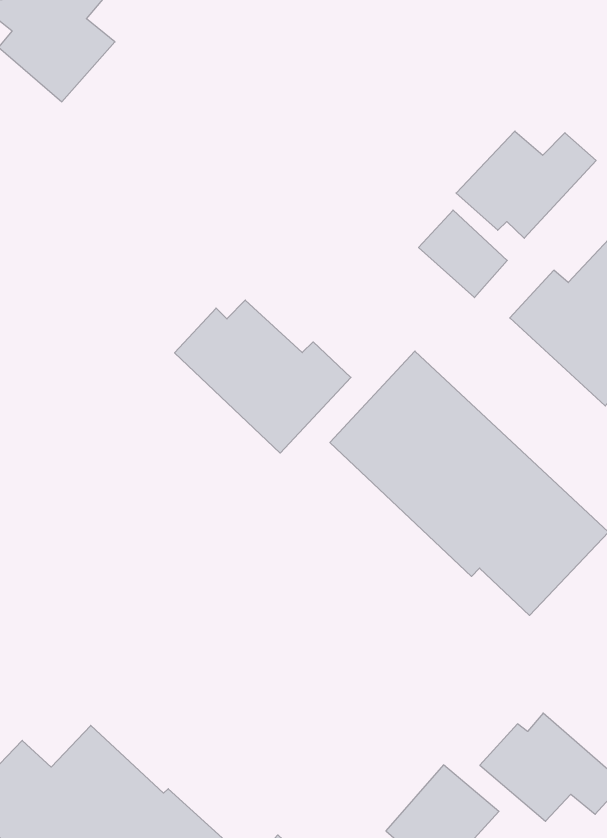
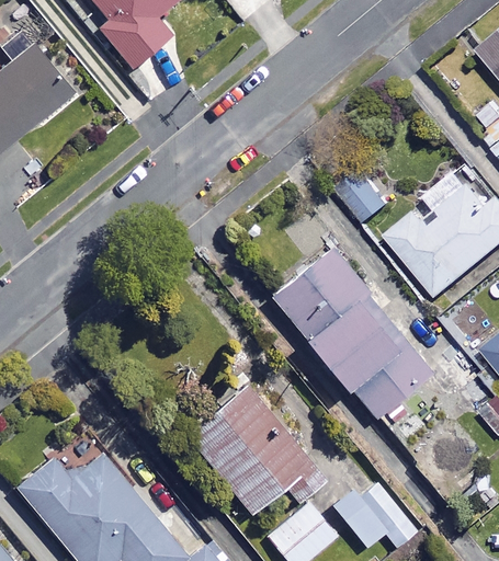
building: [456,131,596,238] -> none
building: [175,300,351,453] -> none
building: none -> [184,383,322,512]

